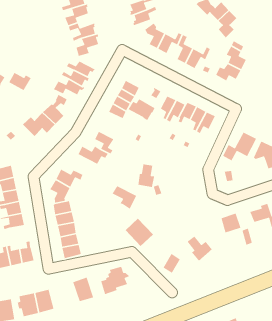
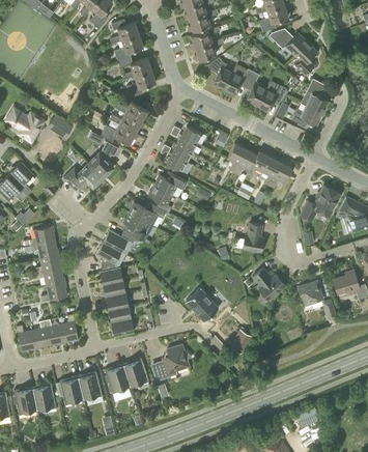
building: [127,98,156,121] -> [153,171,187,198]
building: [138,163,155,188] -> [243,223,263,252]
building: [112,185,137,210] -> [122,213,152,242]
building: [187,235,213,262] -> [253,269,284,300]
building: none -> [104,363,131,393]

